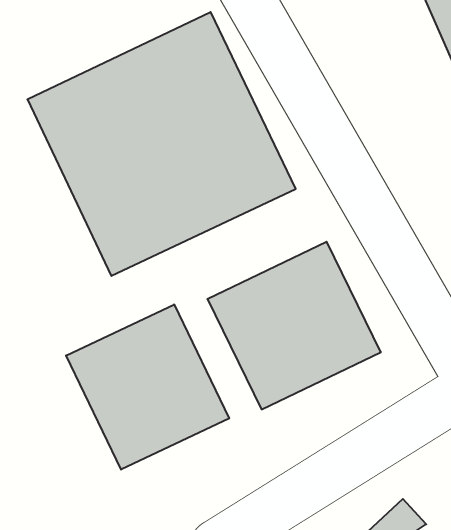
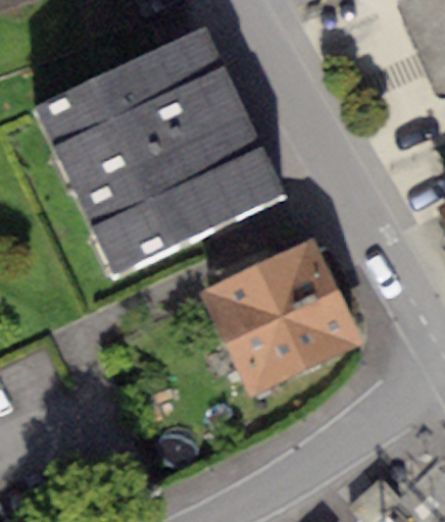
building: [66,304,229,470] -> none

